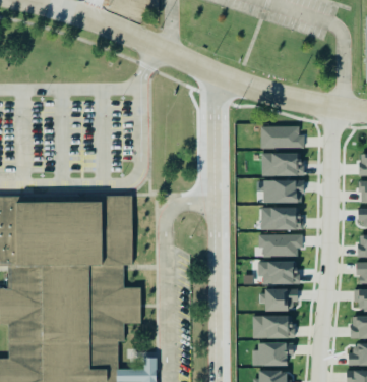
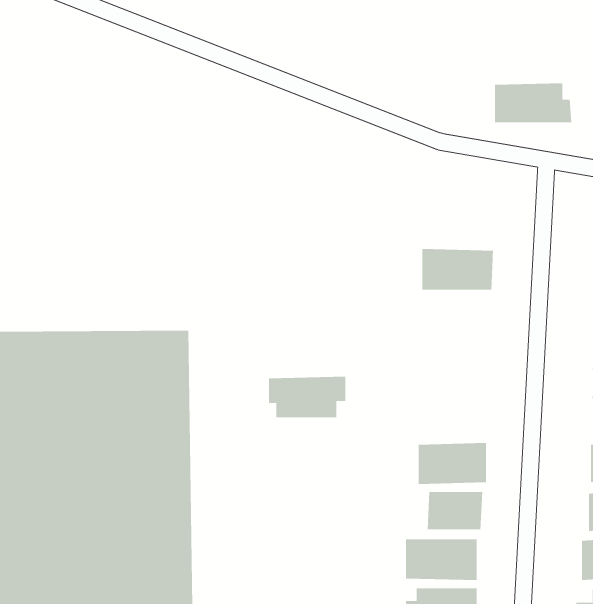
building: [260,126,304,149] -> [494,83,572,123]
building: [262,180,303,204] -> none
building: [260,208,300,230] -> none
building: [258,234,302,258] -> [268,376,346,418]

